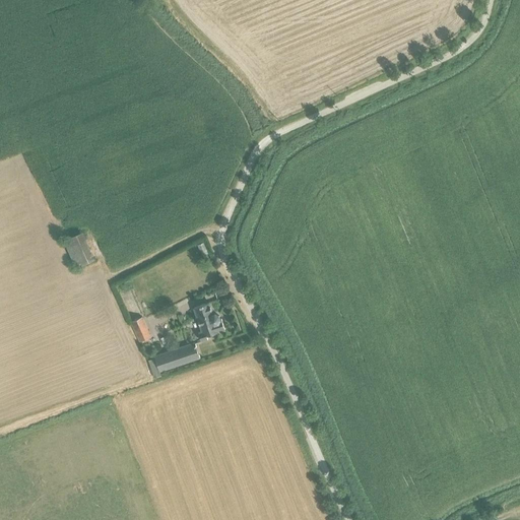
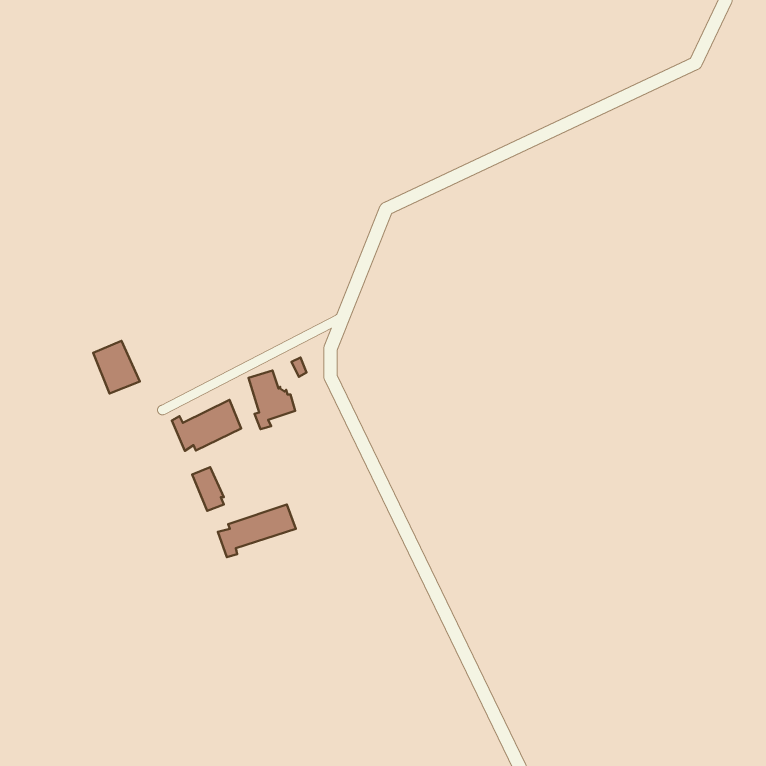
building: none -> [172,400,241,451]
building: [193,303,224,342] -> [249,370,295,429]

